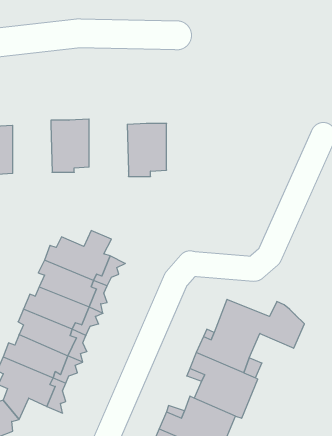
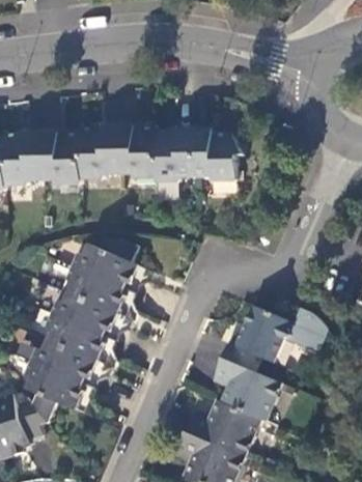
building: none -> [115,127,154,178]
building: none -> [191,132,232,182]
building: none -> [40,133,79,185]

